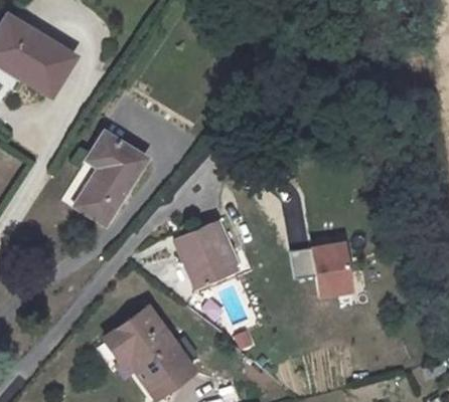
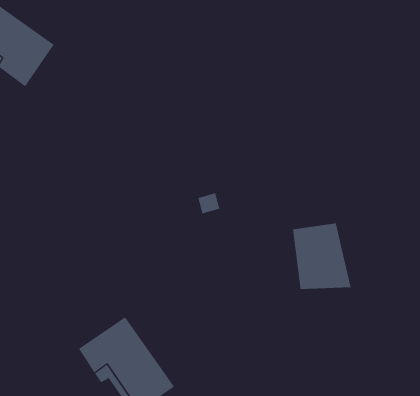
building: [77,135,146,225] -> none
building: [173,224,235,291] -> none

